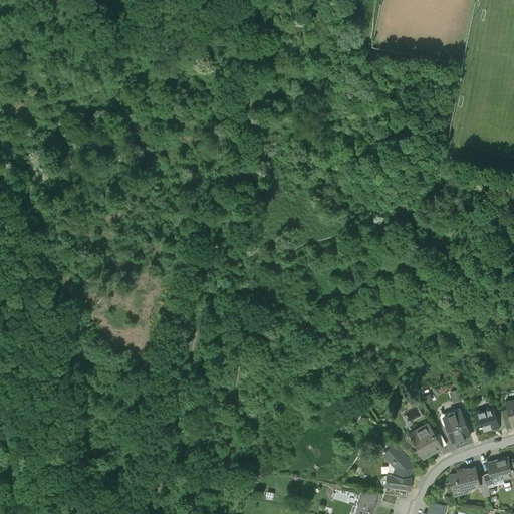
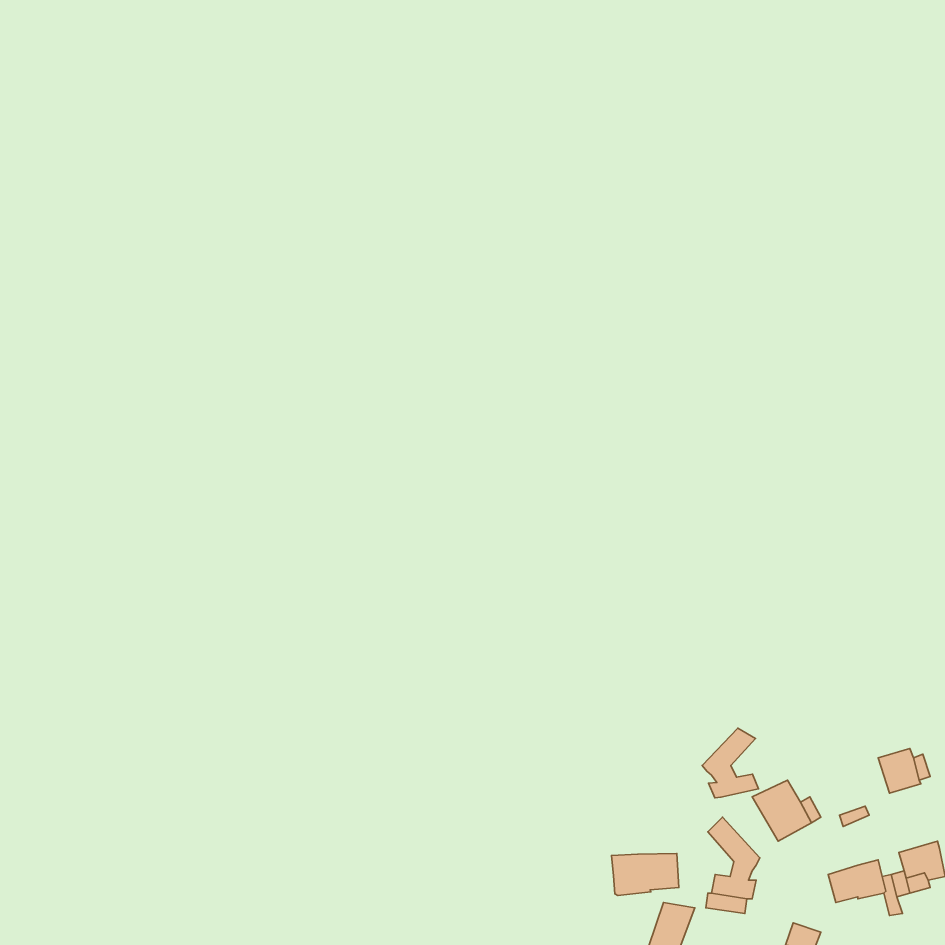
building: none -> [702,728,759,798]
building: [443,411,469,442] -> none
building: none -> [611,853,679,895]

